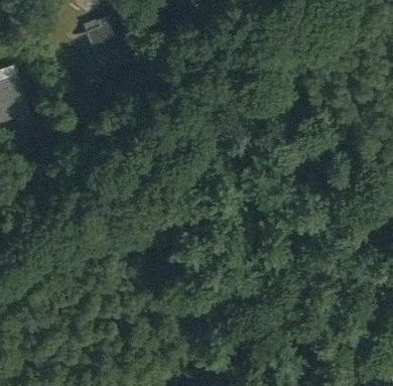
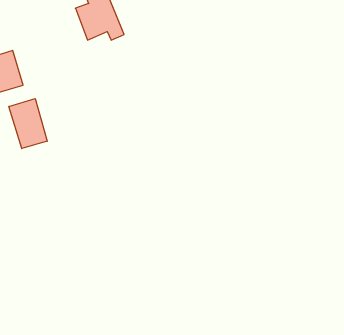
building: none -> [9,99,47,149]

